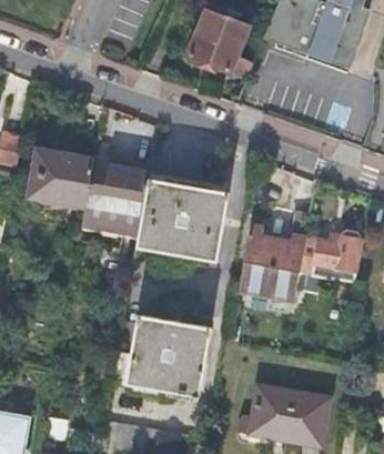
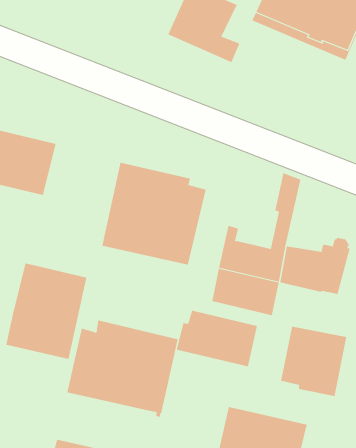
building: [79,159,149,243] -> [5,263,87,360]
building: none -> [176,310,258,367]
building: none -> [281,326,347,397]

